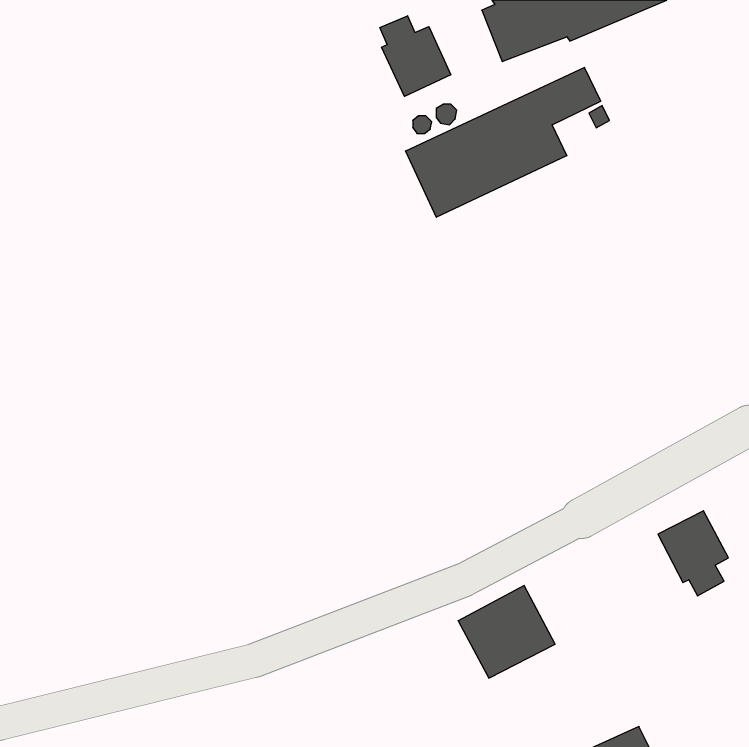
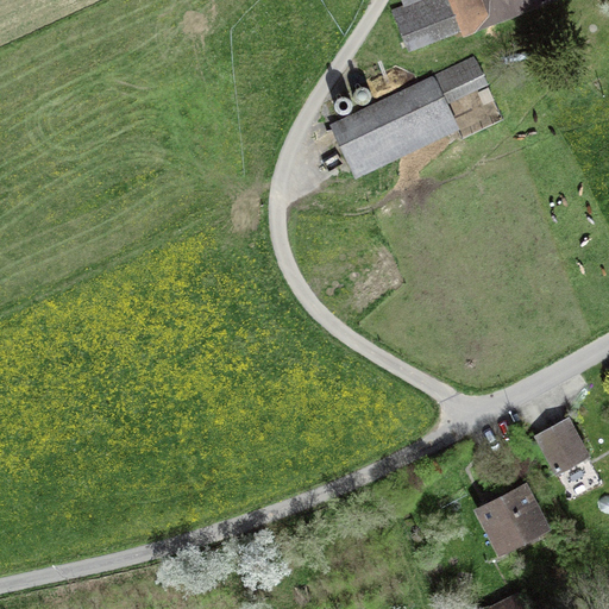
building: [380,16,451,96] -> none
building: [458,586,555,678] -> [472,479,551,554]

